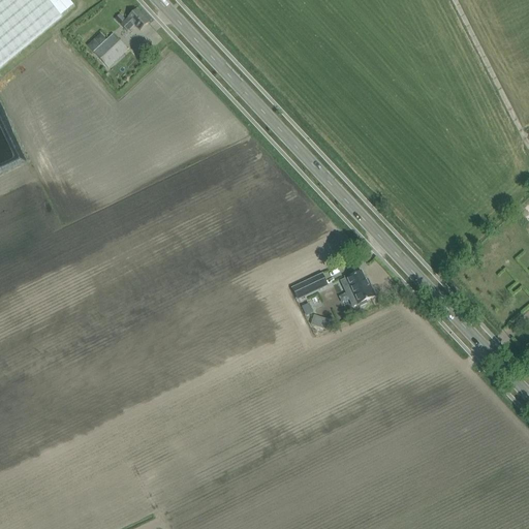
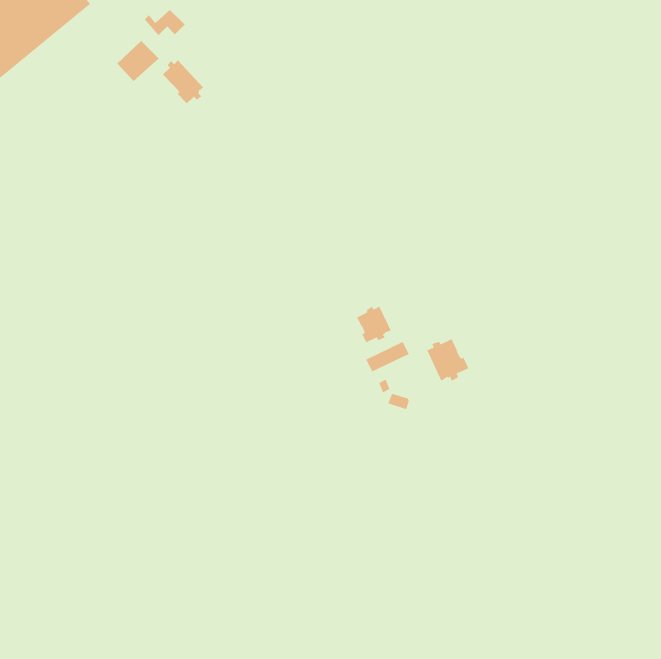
building: none -> [162,60,204,104]
building: none -> [356,306,392,343]

